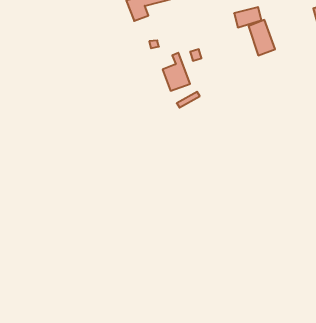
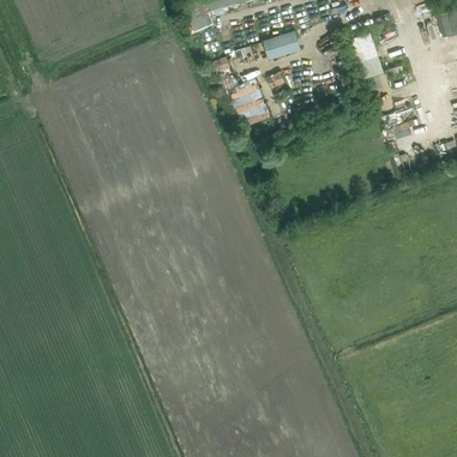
building: [234,7,262,27] -> [263,32,300,60]

